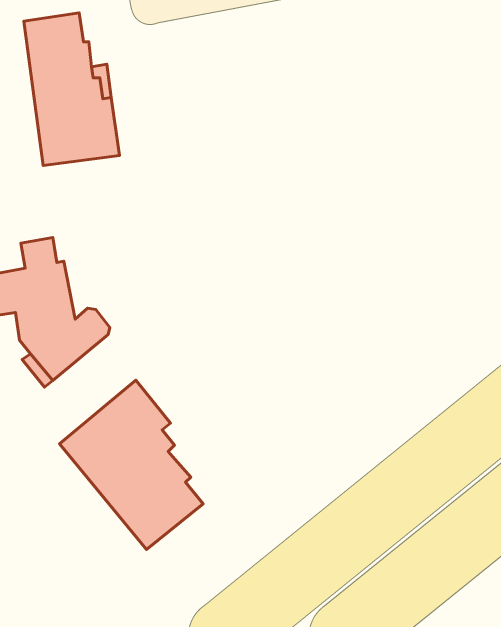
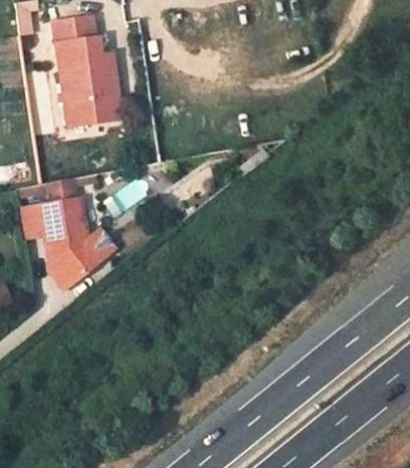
building: [59,380,203,549] -> none

